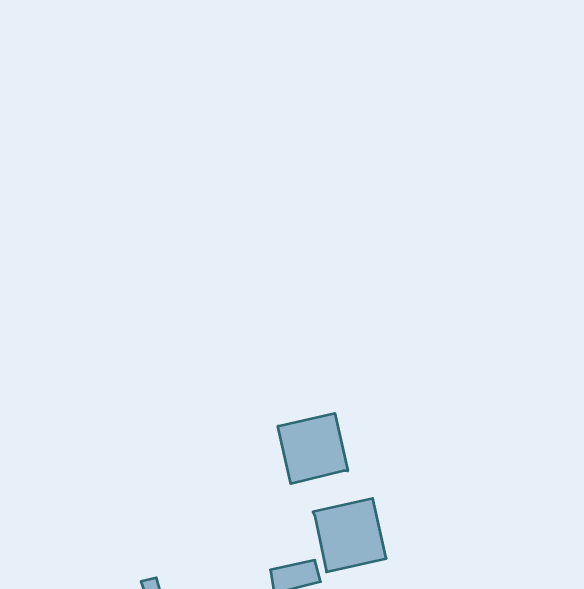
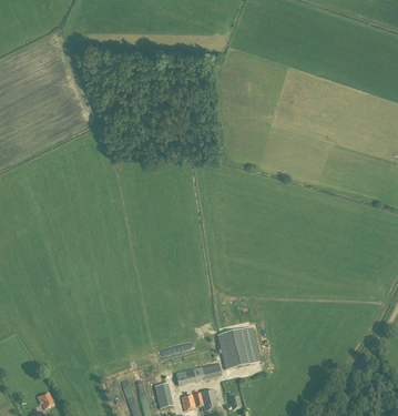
building: [278,413,348,484] -> none

